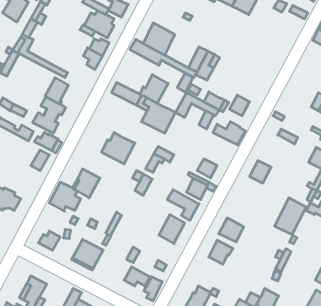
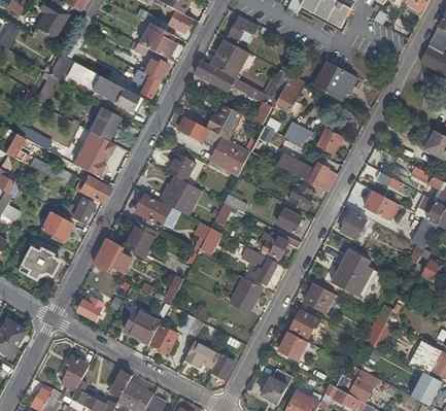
building: none -> [227,18,260,44]
building: none -> [67,61,138,109]
building: none -> [311,63,357,103]
building: none -> [167,153,195,182]
building: none -> [288,178,316,210]
building: none -> [370,194,397,220]
building: none -> [136,196,163,221]
building: none -> [39,211,71,240]
building: [275,198,306,234] -> [338,253,377,299]
building: none -> [153,326,180,352]
building: none -> [280,333,308,359]

